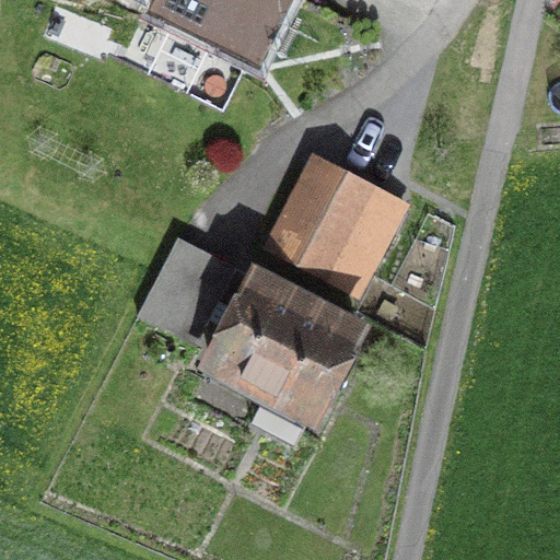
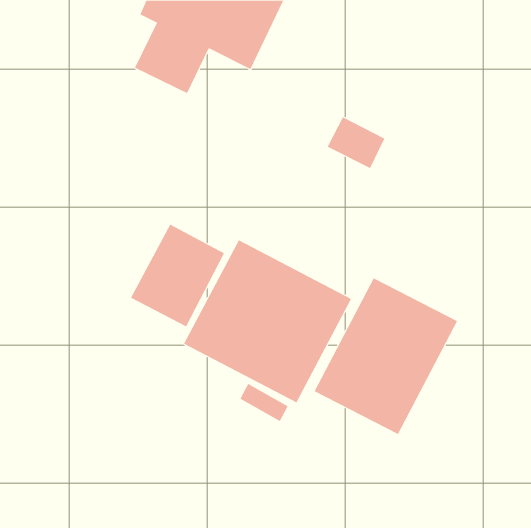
building: [260,152,410,301] -> none
building: none -> [314,278,458,435]

